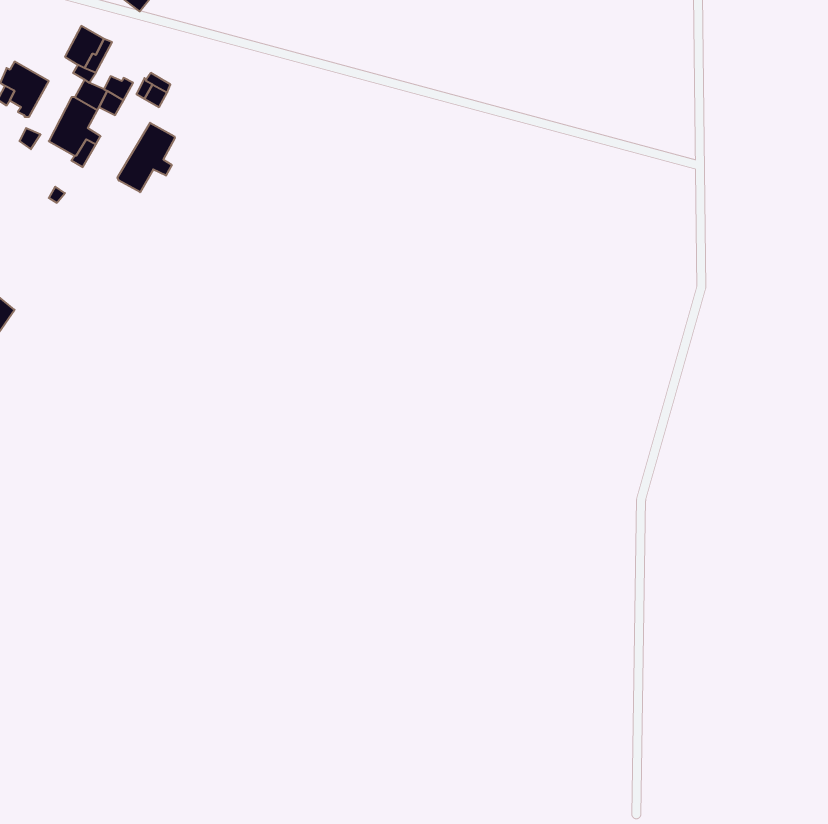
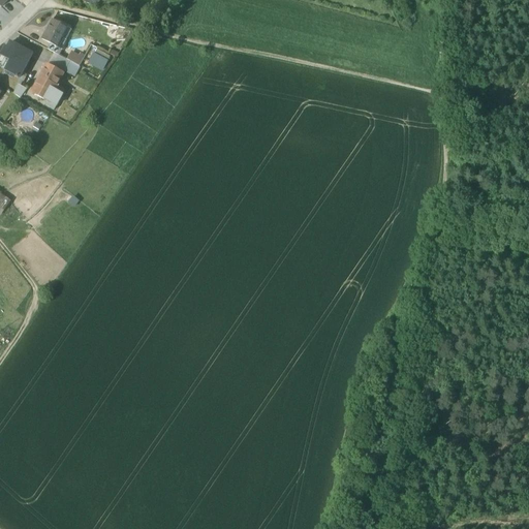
building: [118,123,175,192] -> none

